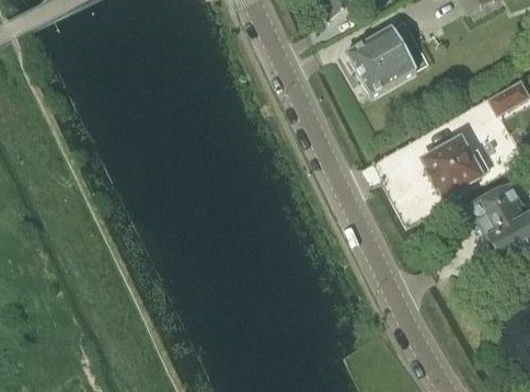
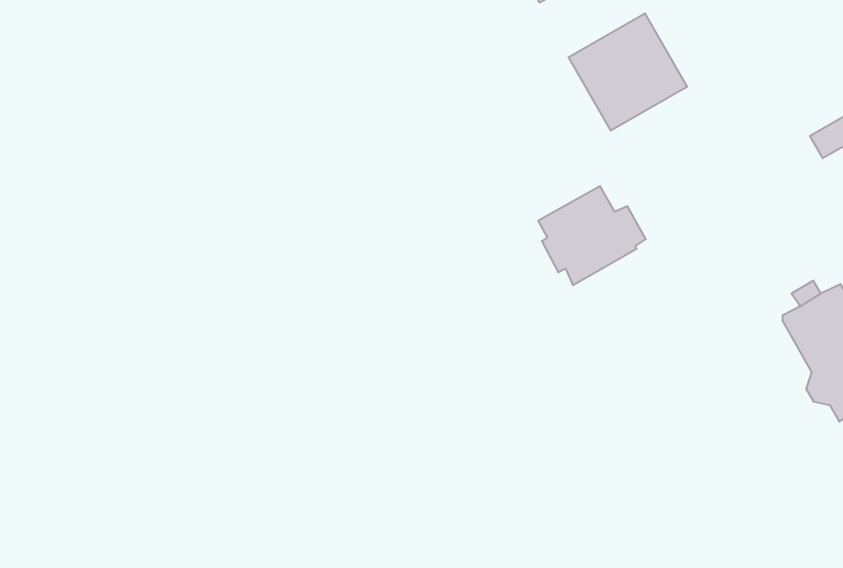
building: [425,136,489,195] -> [538,186,646,285]

